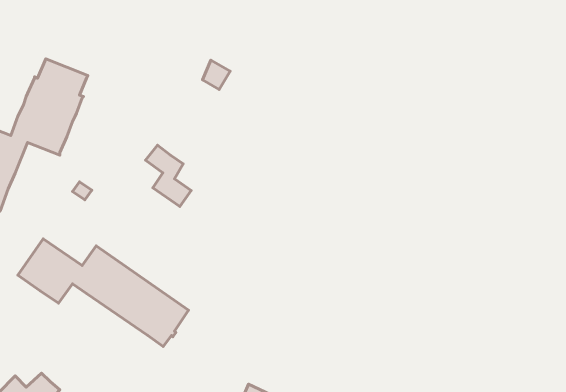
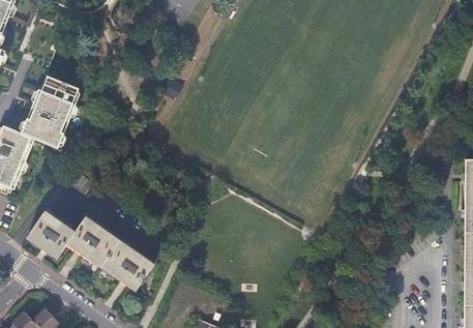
building: [146,145,191,207] -> none

